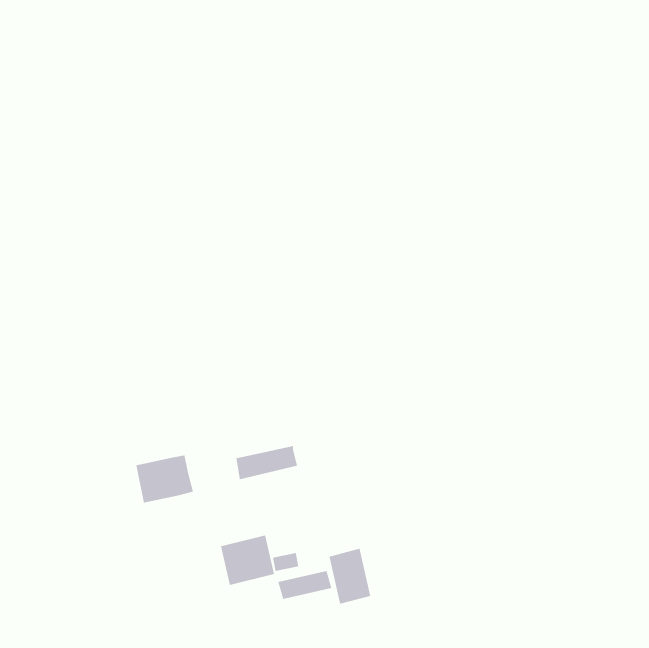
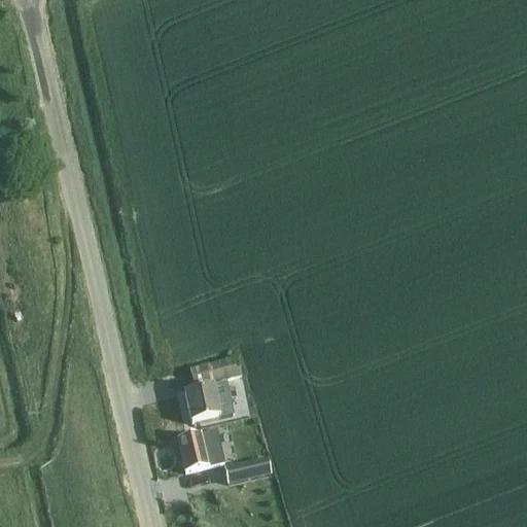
building: [135,455,194,503] -> [185,386,233,425]
building: [329,548,371,605] -> none

